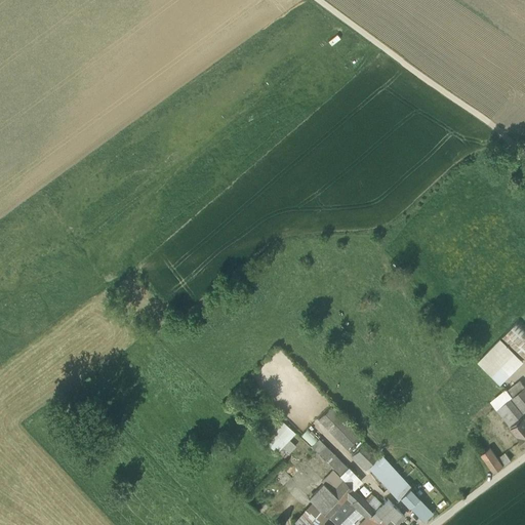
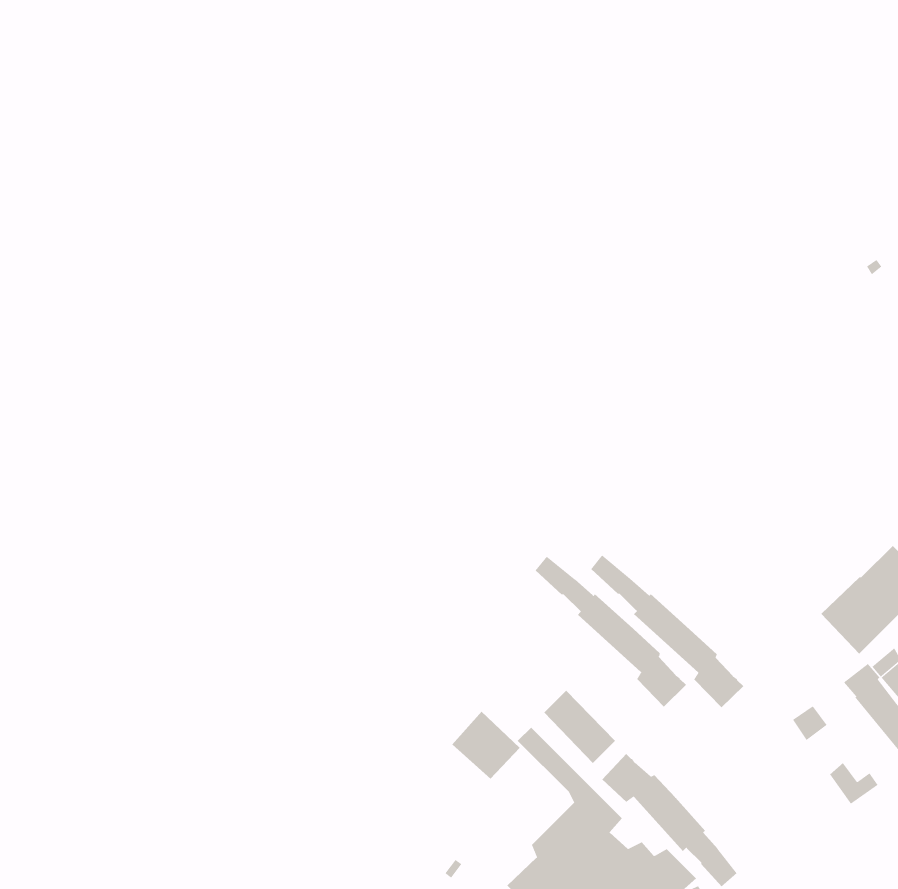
building: none -> [590,555,744,708]
building: none -> [535,556,687,707]

